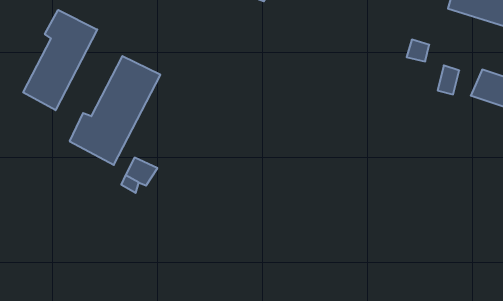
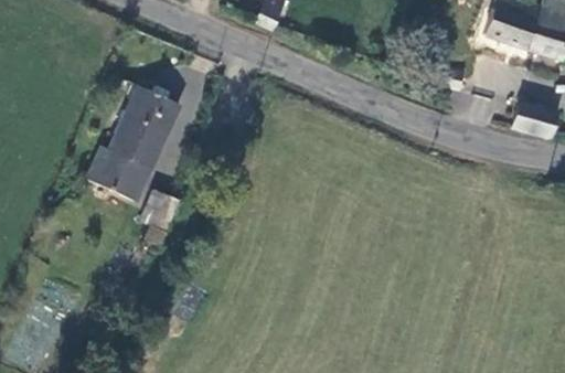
building: [23,10,97,110] -> none

